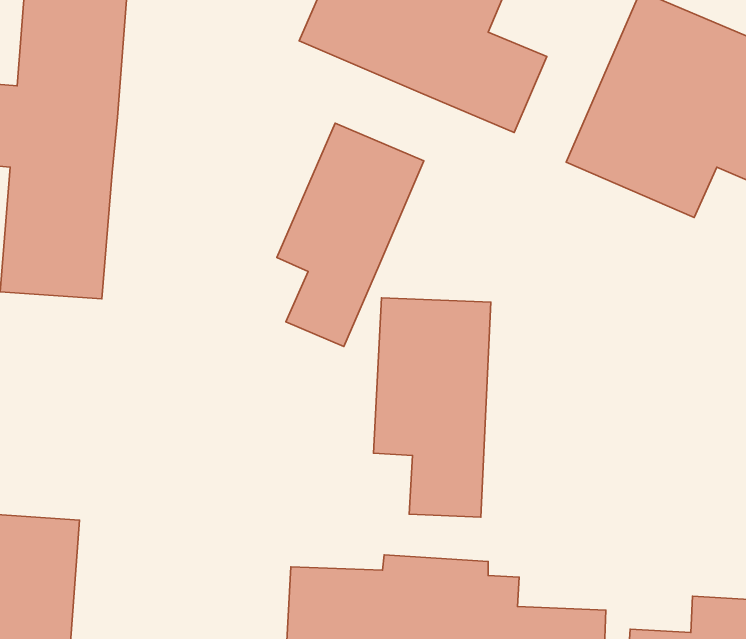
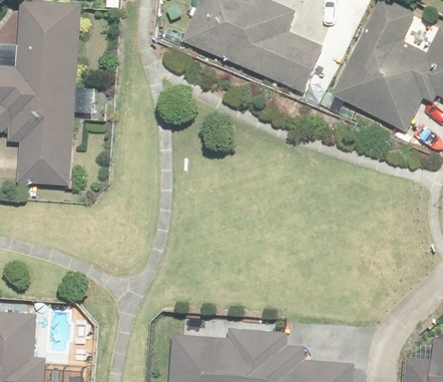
building: [277,123,424,347] -> none
building: [374,298,491,517] -> none

